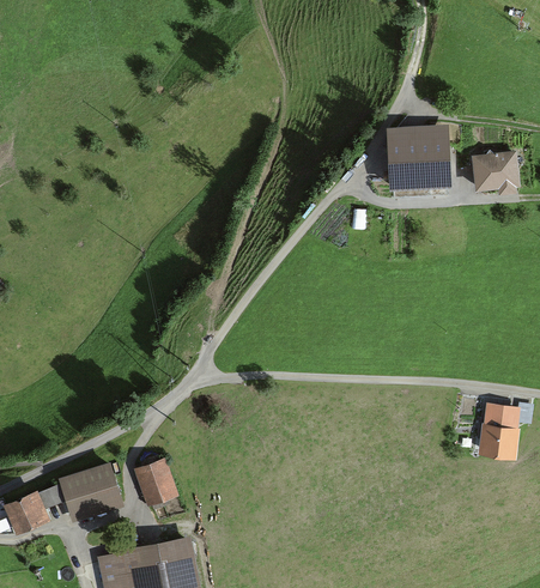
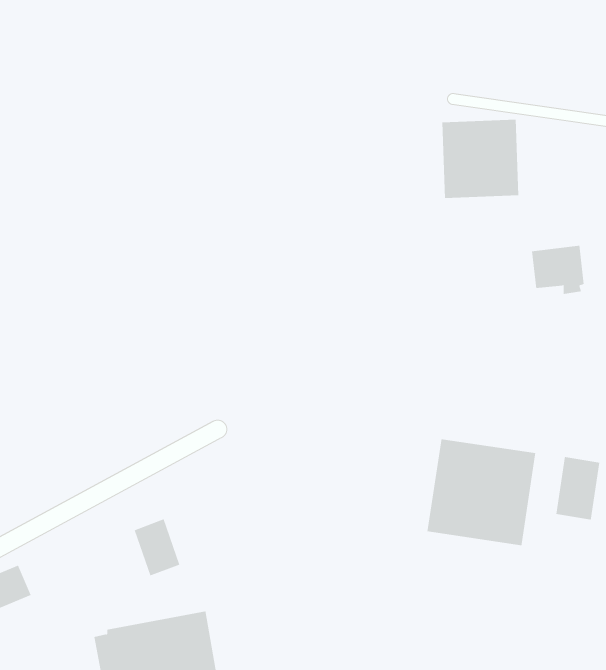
building: [474,152,518,193] -> [531,245,585,294]
building: none -> [427,438,536,546]
building: [49,463,113,521] -> none

